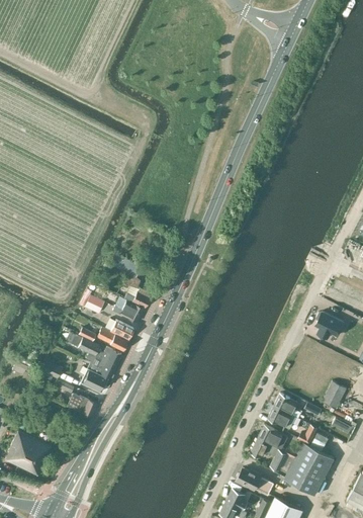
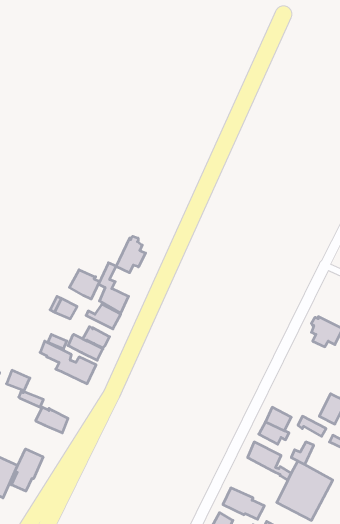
building: none -> [116,236,146,273]
building: none -> [69,270,100,299]
building: [80,361,113,393] -> none
building: none -> [11,449,43,491]
building: [251,439,287,470] -> none

